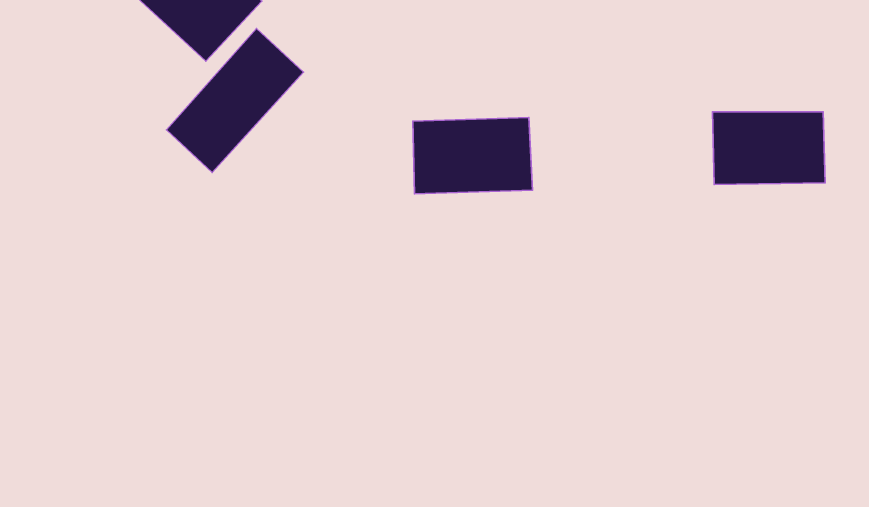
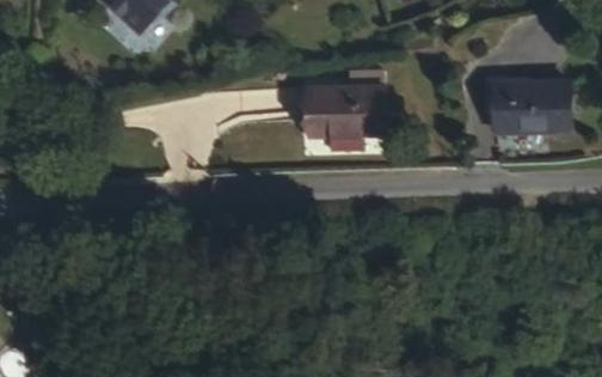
building: [166,28,303,173] -> none

